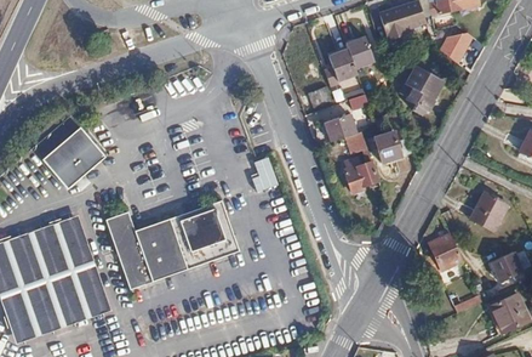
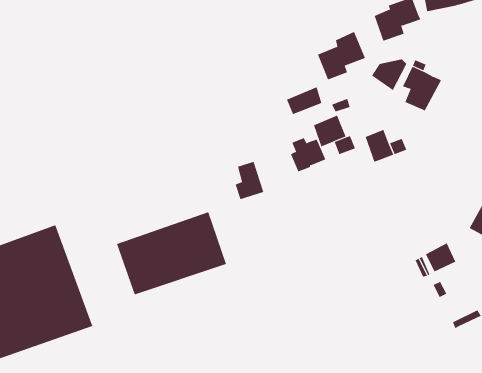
building: [437,32,471,62] -> [371,59,407,91]
building: [42,126,107,188] -> none
building: [344,159,378,192] -> [290,137,326,172]
building: [105,210,154,289] -> none

